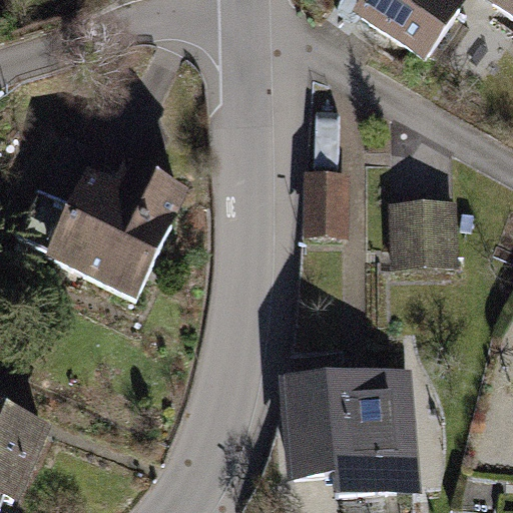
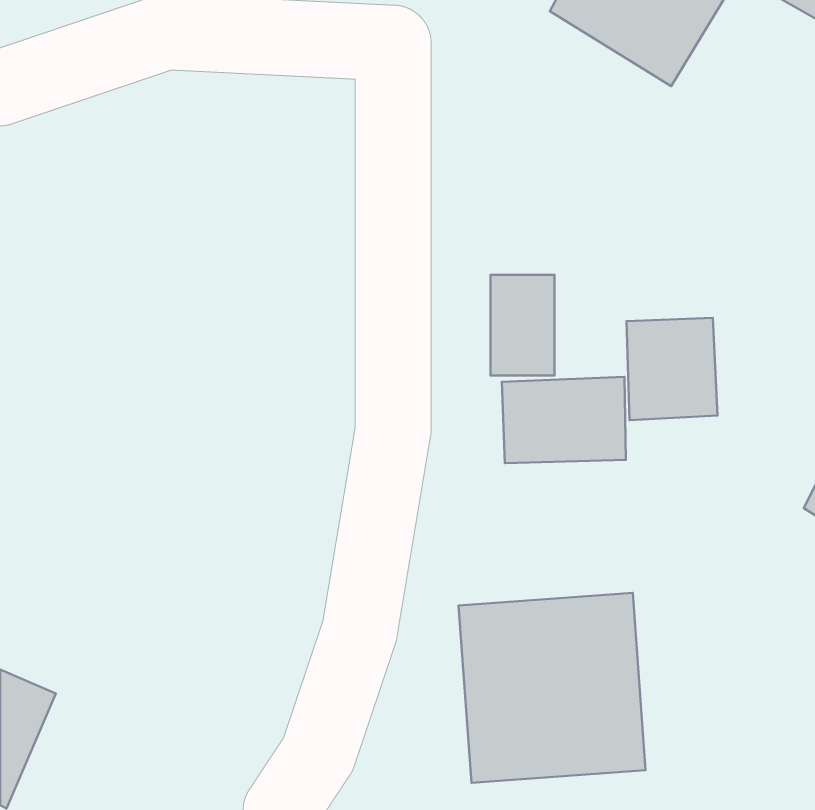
building: [33,152,192,303] -> none
building: none -> [502,377,626,463]

